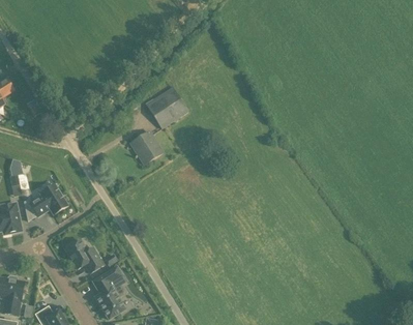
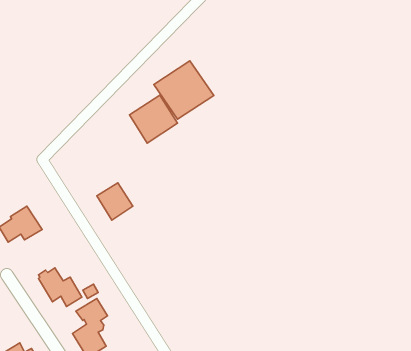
building: none -> [154,61,214,119]
building: [129,131,161,165] -> [97,183,133,220]

